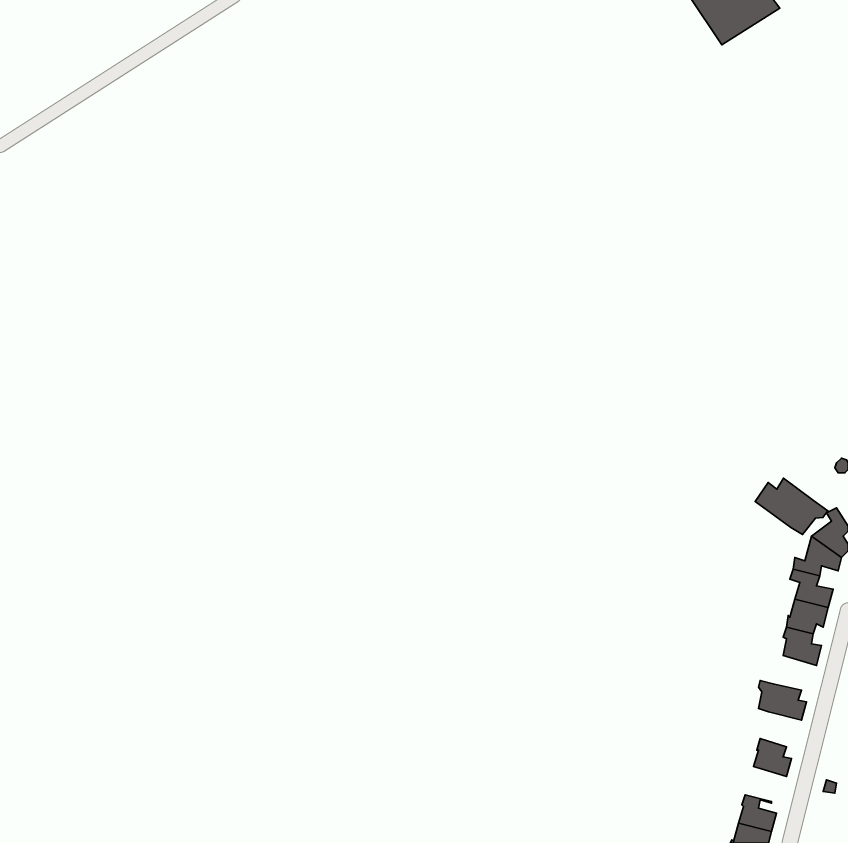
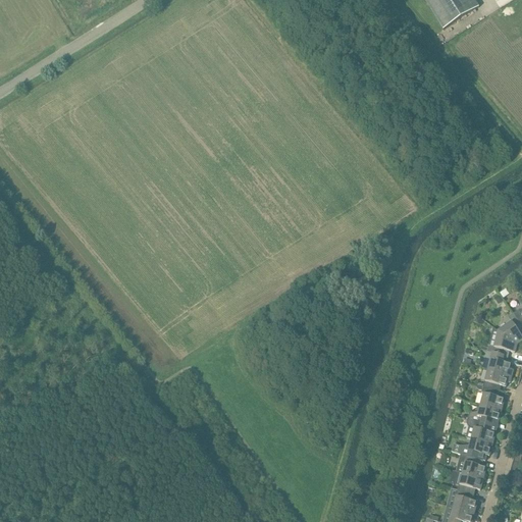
building: [755,478,828,535] -> none
building: none -> [467,403,502,424]
building: none -> [458,437,492,459]
building: none -> [452,469,483,492]

